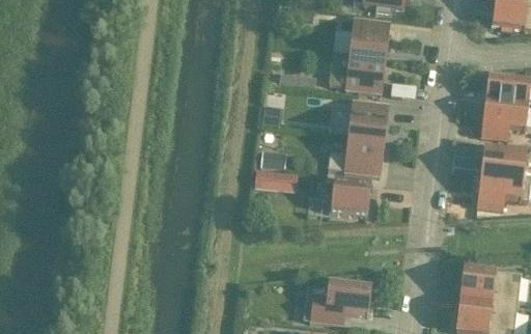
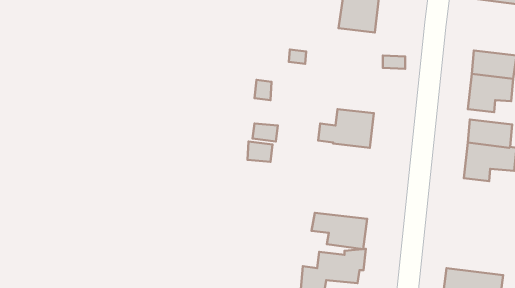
building: [329,52,385,93] -> none
building: [346,100,388,140] -> none
building: [313,178,370,216] -> [312,213,367,249]
building: [458,267,520,306] -> none

